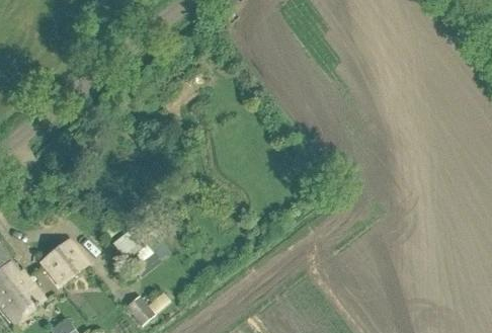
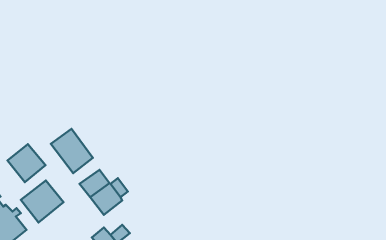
building: none -> [51,129,93,173]
building: none -> [7,144,45,182]

